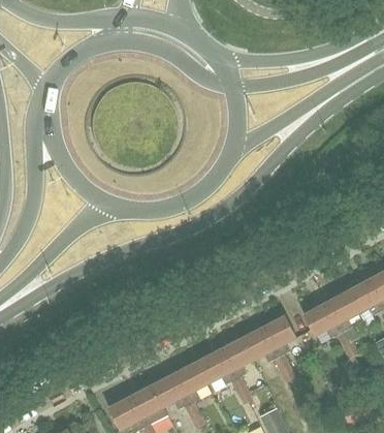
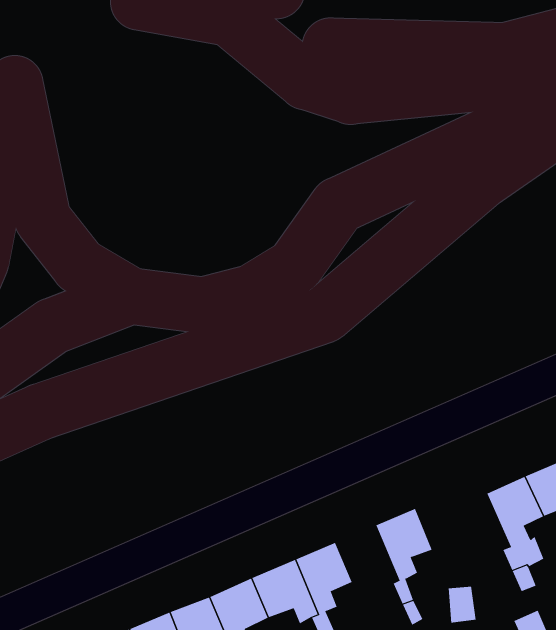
building: [302,302,340,337] -> none
building: [242,324,279,361] -> none

